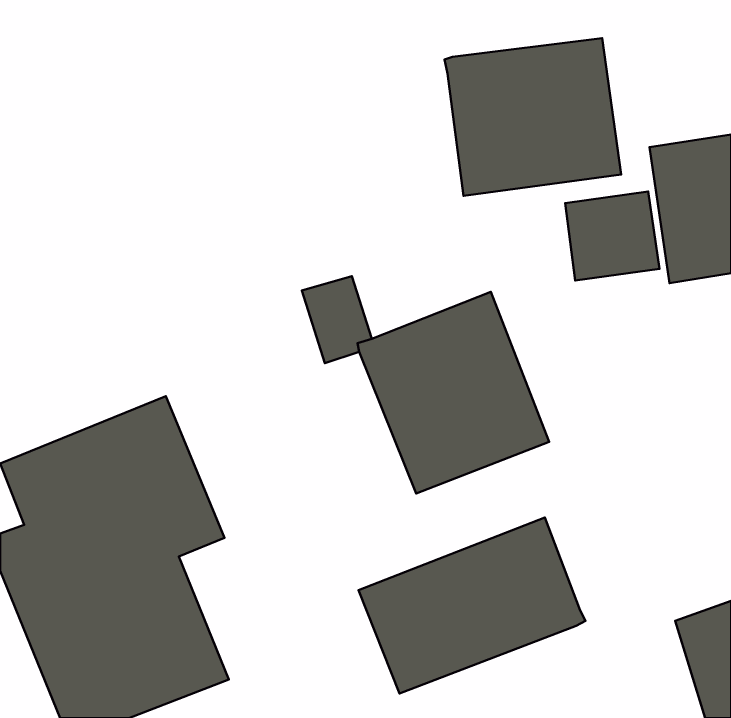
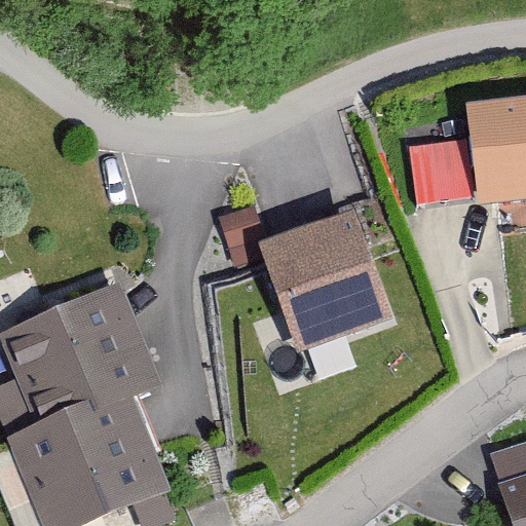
building: [445,38,621,196] -> none
building: [358,517,586,694] -> none

